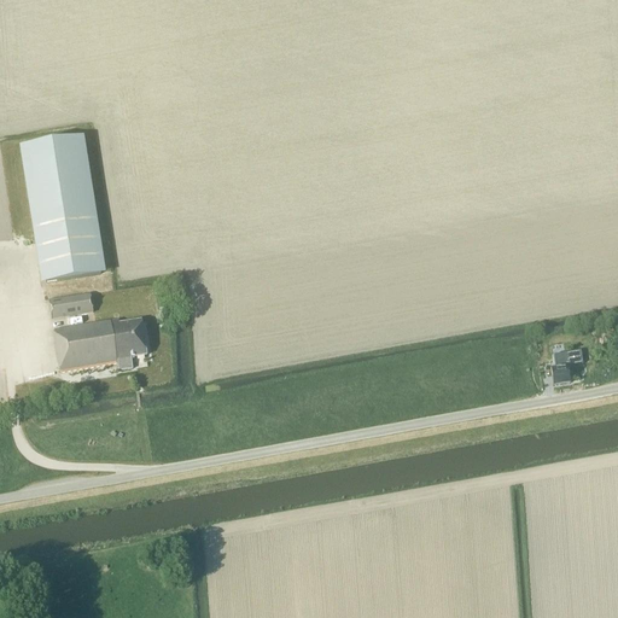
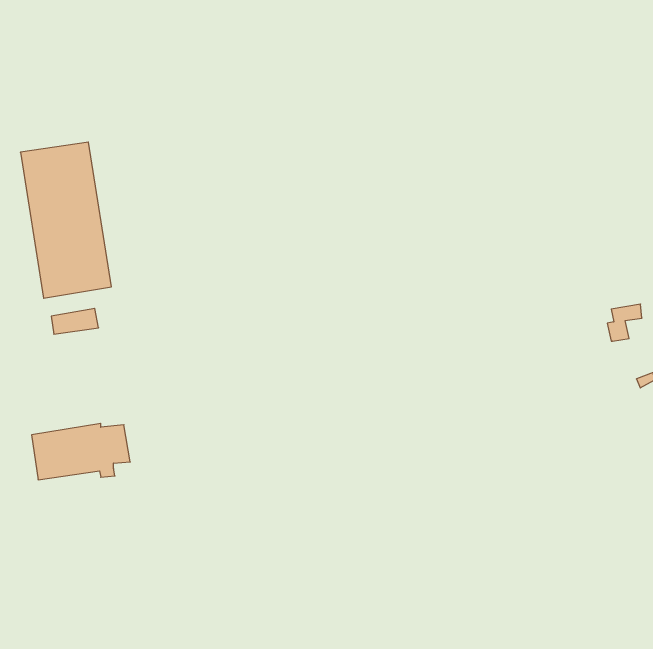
building: [54,316,147,369] -> [32,423,130,480]
building: [550,348,583,383] -> [607,304,642,341]

